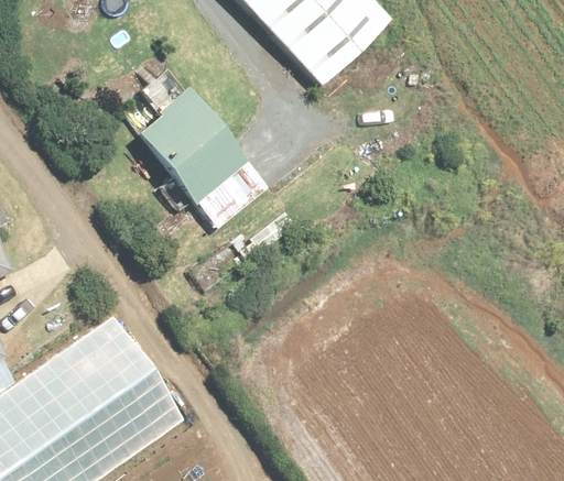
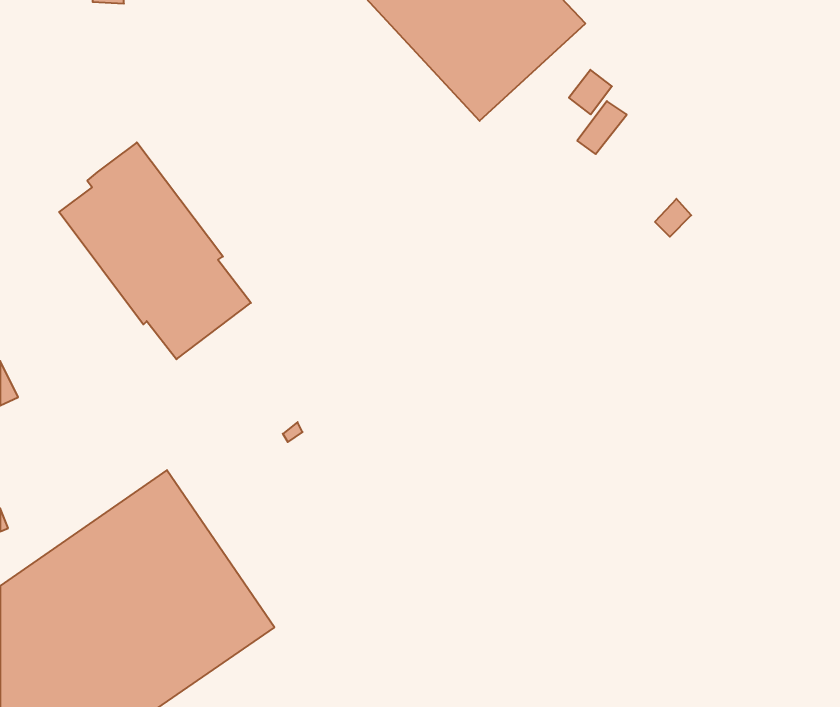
building: [138,81,265,226] -> [59,142,251,359]

